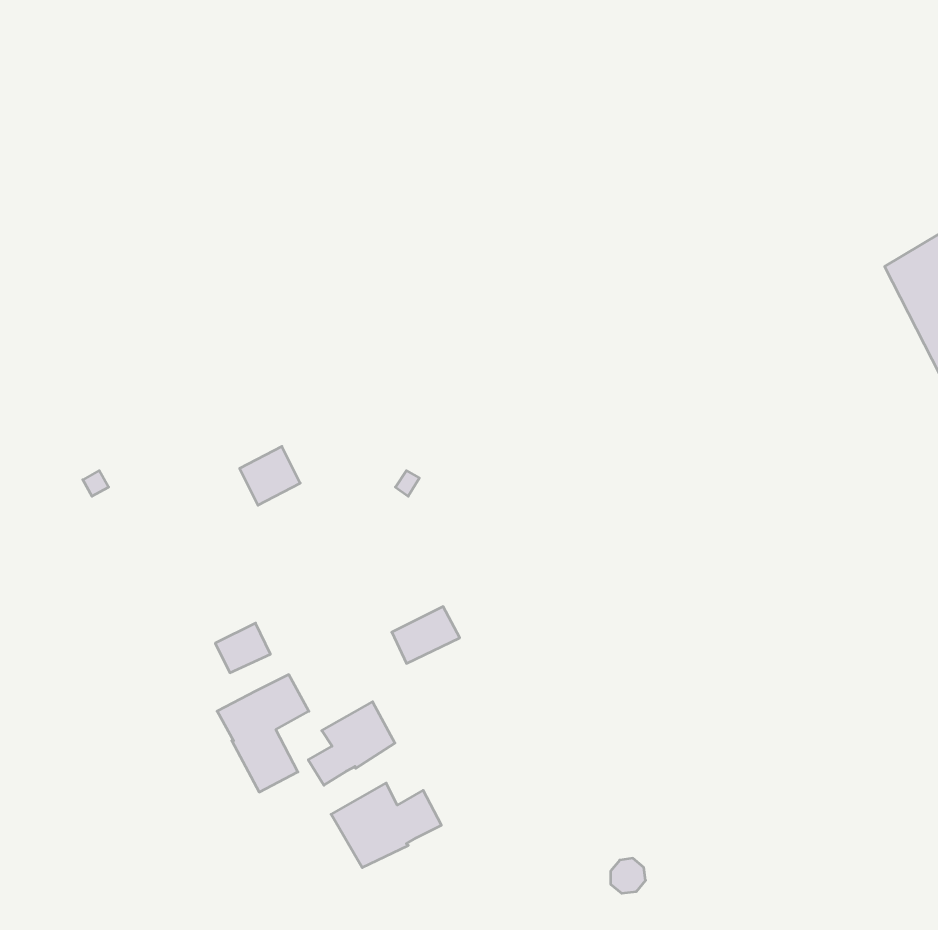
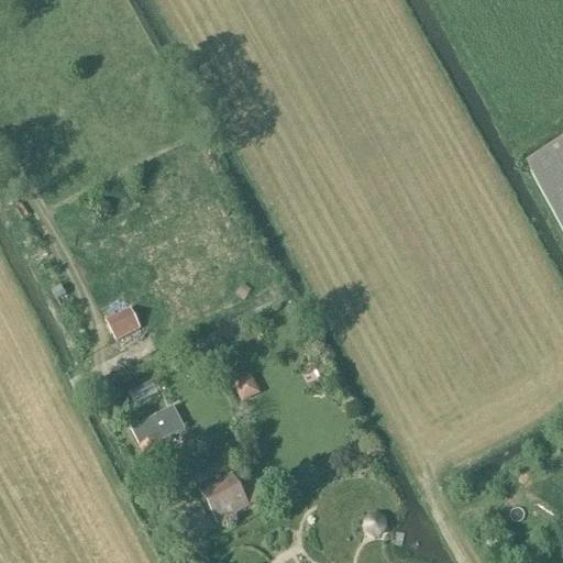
building: [240,446,300,505] -> [106,305,142,340]
building: [308,702,395,785] -> none

